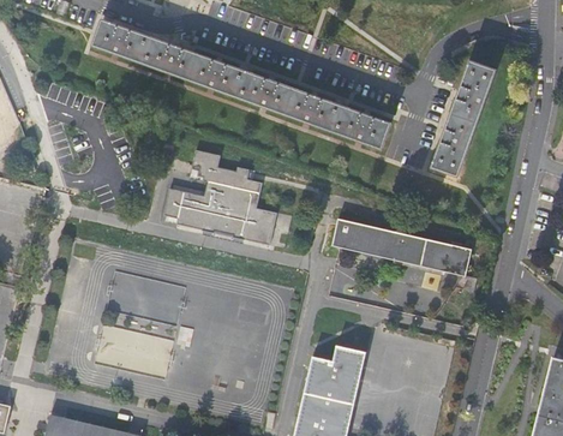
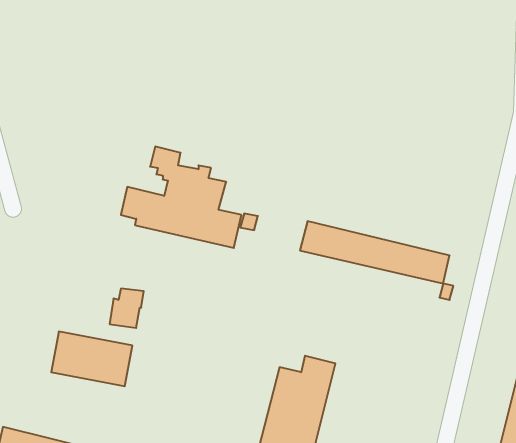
building: [95,18,391,148] -> none
building: [433,61,496,175] -> none

